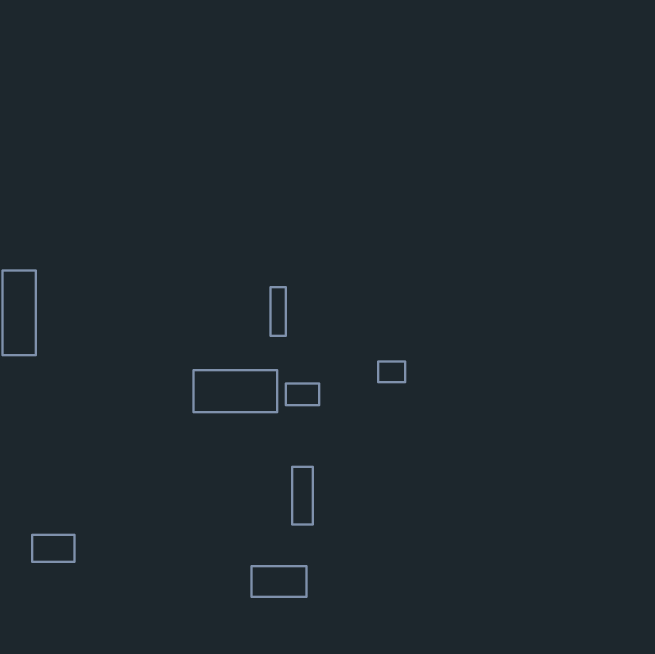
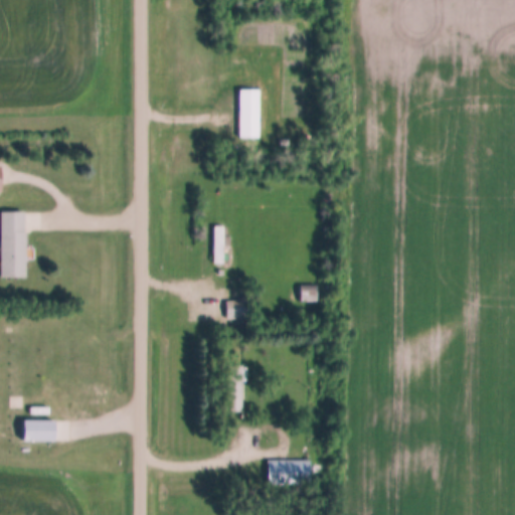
building: none -> [238,89,260,139]
building: [193,370,277,412] -> none
building: [252,566,307,597] -> [269,460,312,484]

